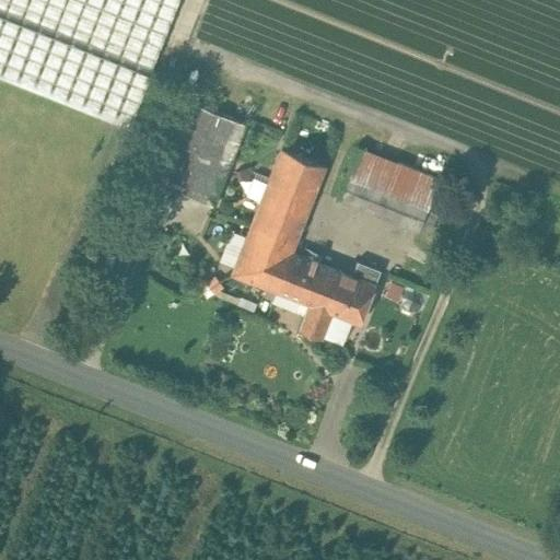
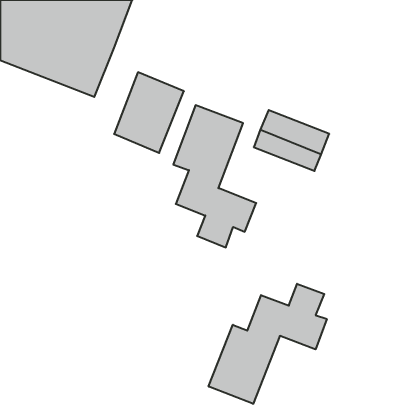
building: [303,259,383,337] -> none
building: none -> [209,284,327,404]

